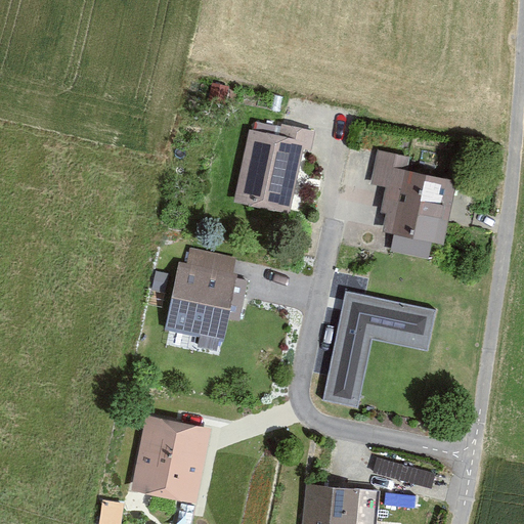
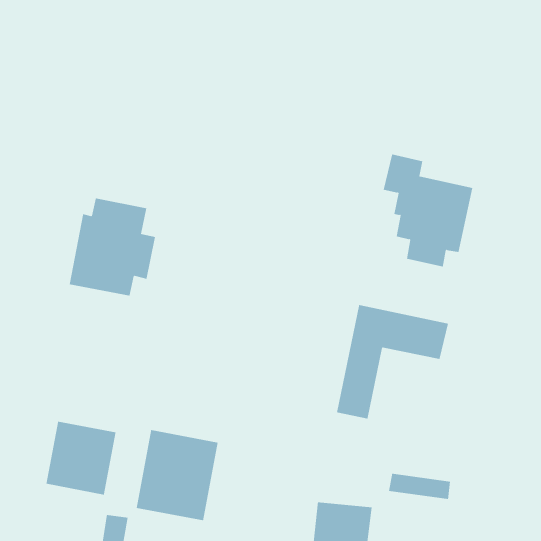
building: [234,130,303,213] -> none
building: [164,243,248,338] -> [69,198,156,296]
building: none -> [46,421,116,495]

